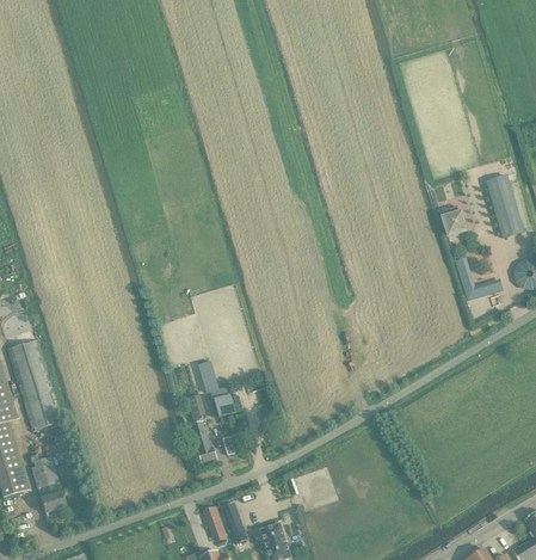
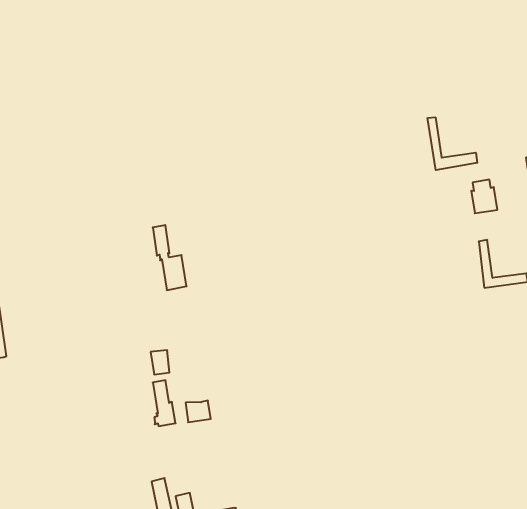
building: none -> [428,117,477,170]
building: [199,361,236,417] -> [153,225,187,290]

